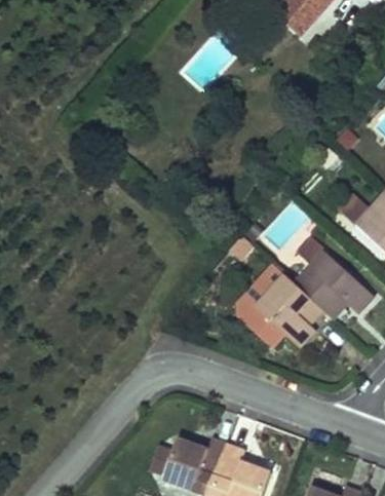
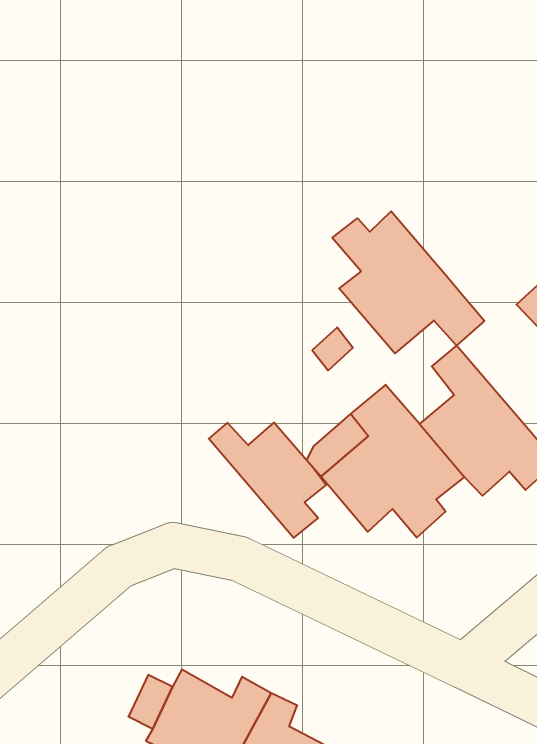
building: none -> [332,211,484,353]
building: none -> [209,422,326,538]

